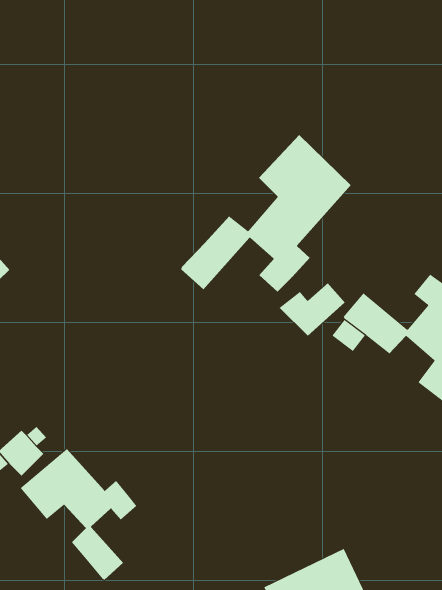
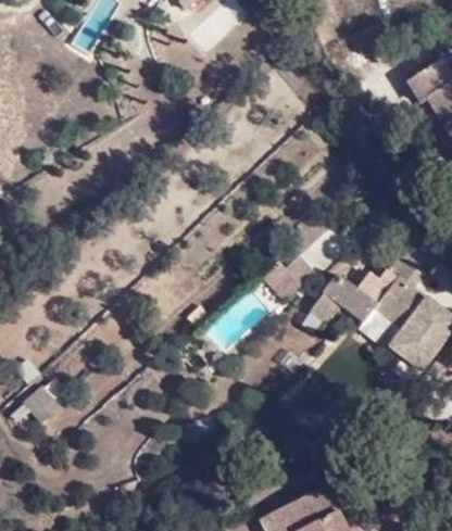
building: [180,134,352,293] -> none
building: [20,448,137,580] -> none

